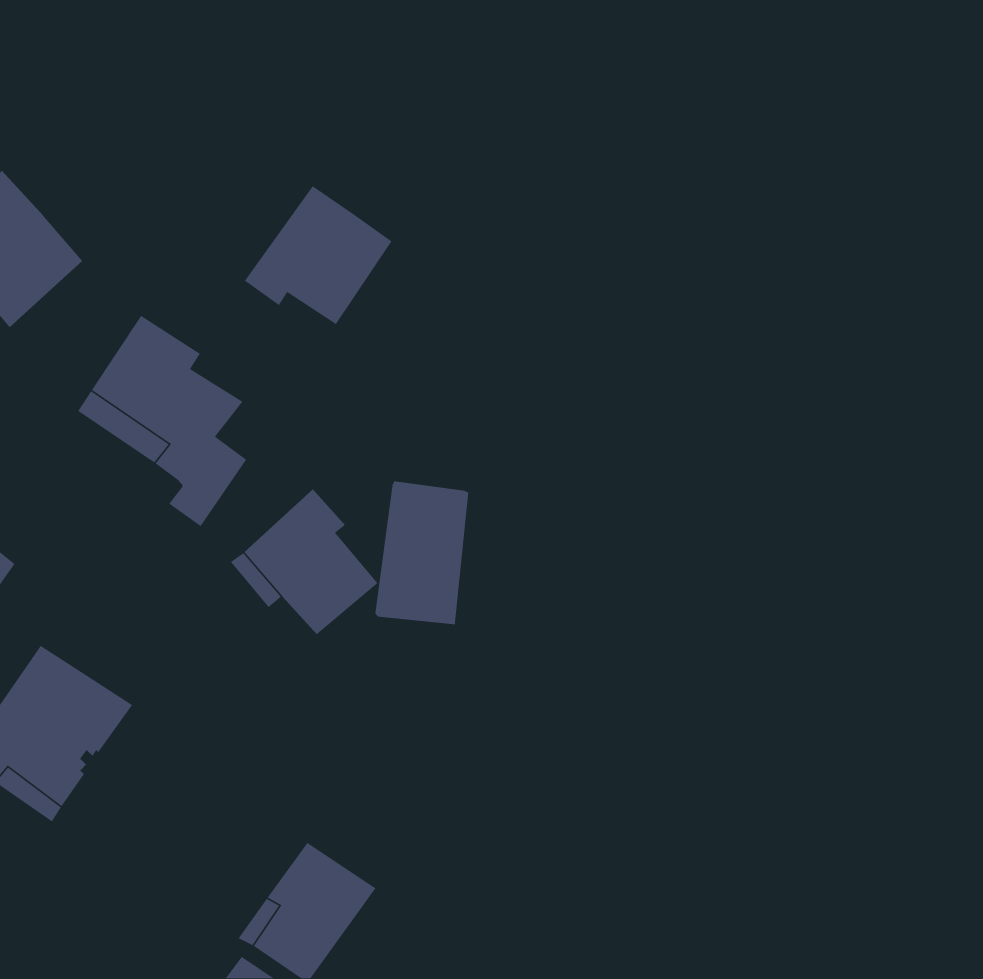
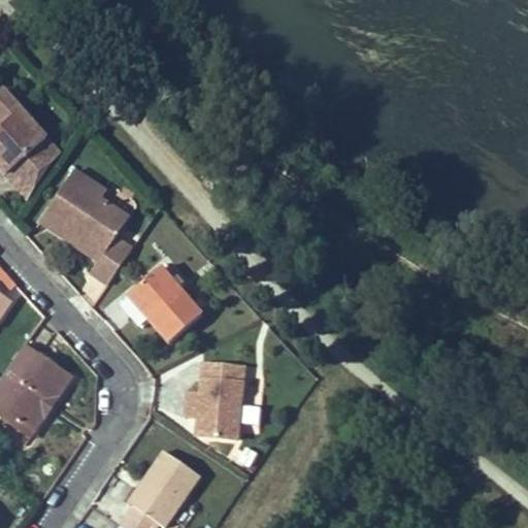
building: [244,185,392,325] -> none
building: none -> [5,139,58,199]
building: [374,480,469,625] -> [194,362,244,439]

